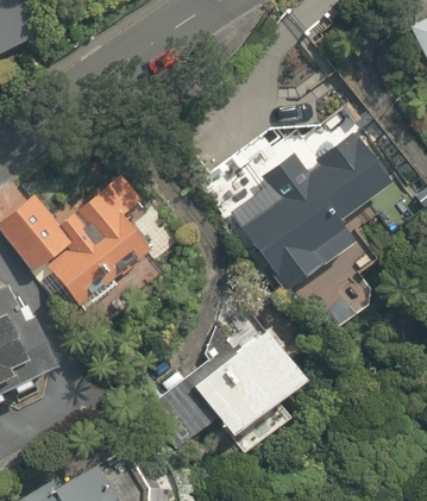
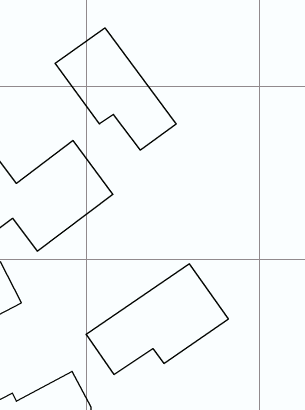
building: none -> [55,28,176,150]
building: [233,107,391,289] -> none

